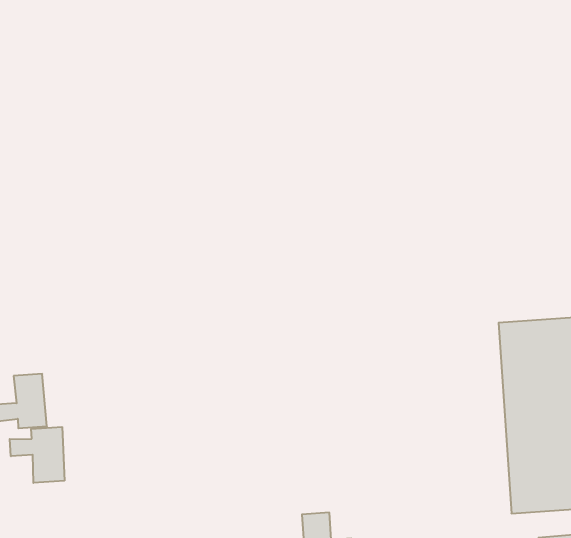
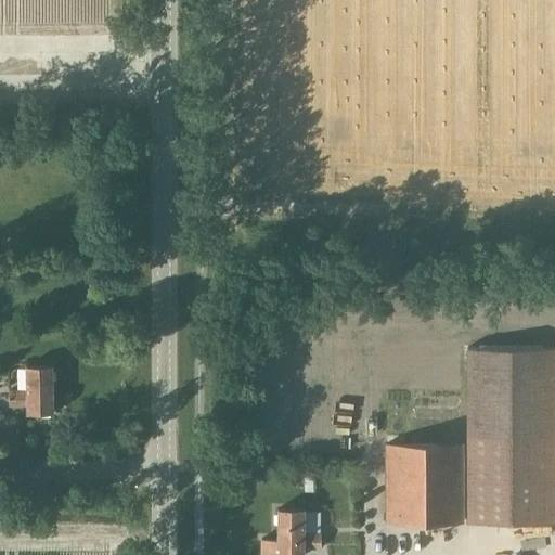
building: [10,427,64,483] -> none
building: none -> [387,448,464,525]

